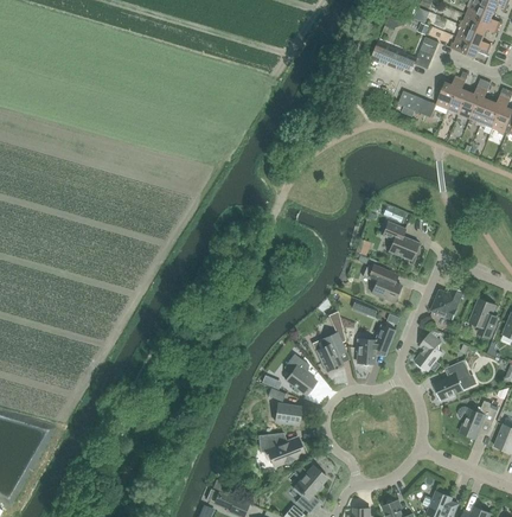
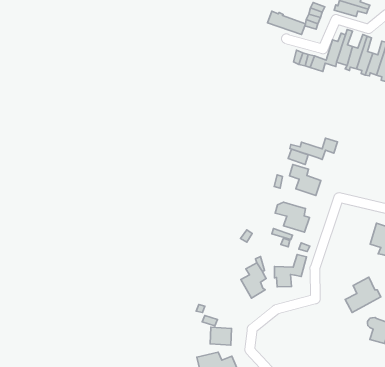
building: none -> [290,138,338,160]
building: [431,287,463,319] -> none
building: [415,332,443,371] -> none
building: [283,353,316,395] -> none

